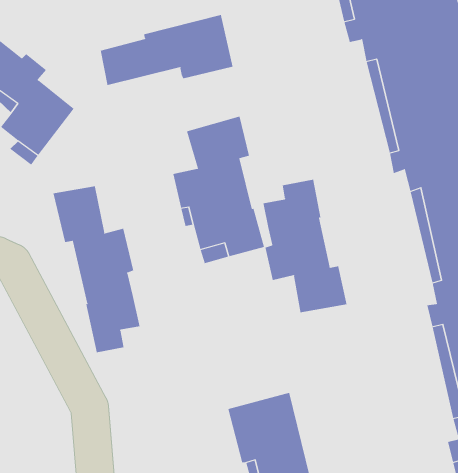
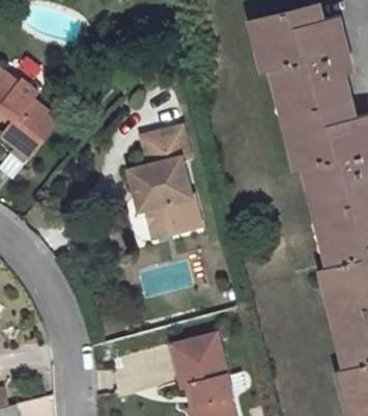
building: [100,14,233,86] -> none
building: [263,179,347,313] -> none
building: [53,185,140,353] -> none

